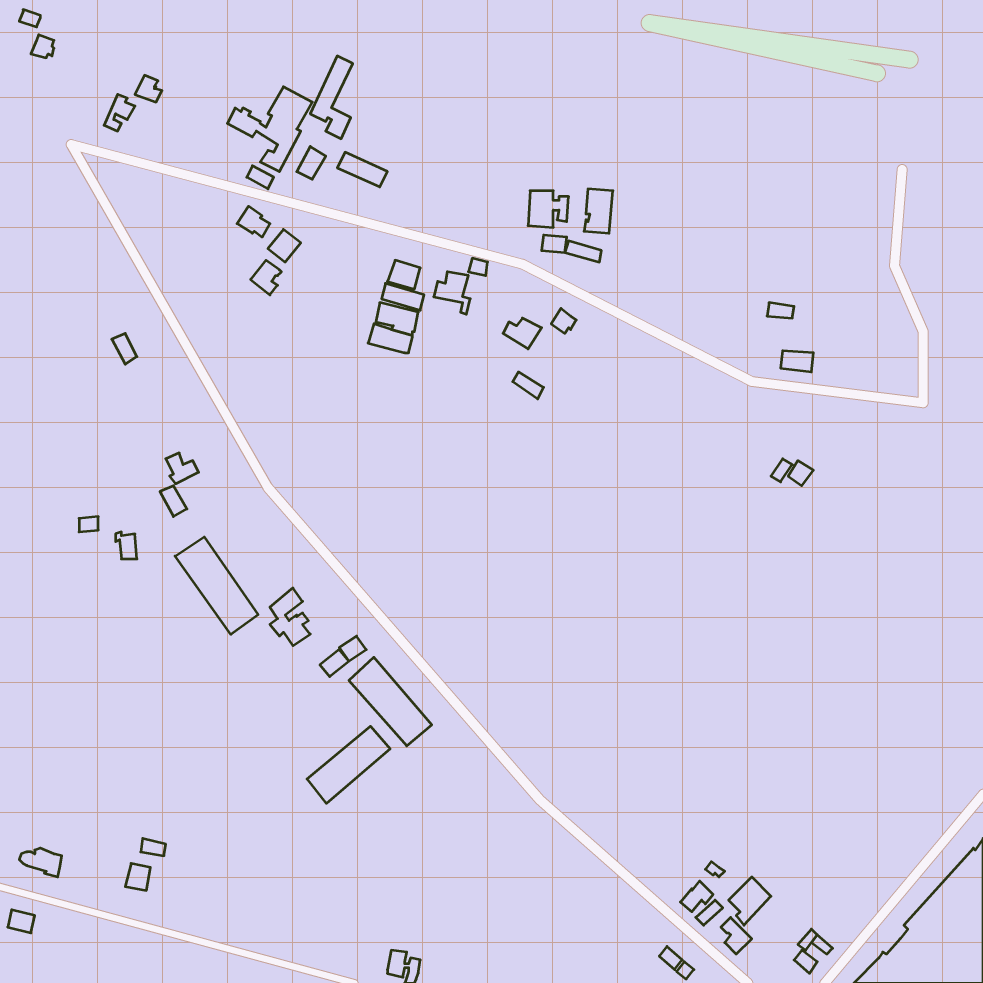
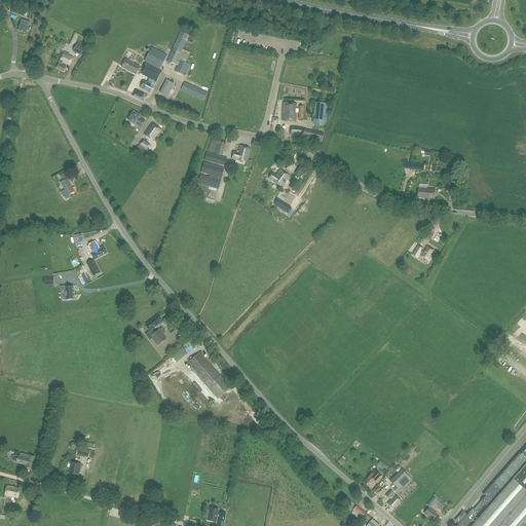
building: [175,537,258,634] -> none
building: [307,726,390,803] -> none

